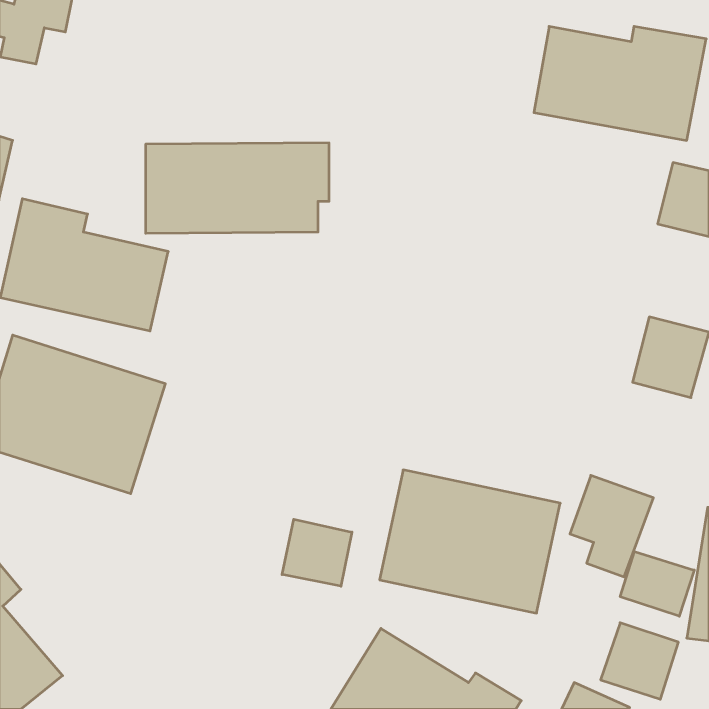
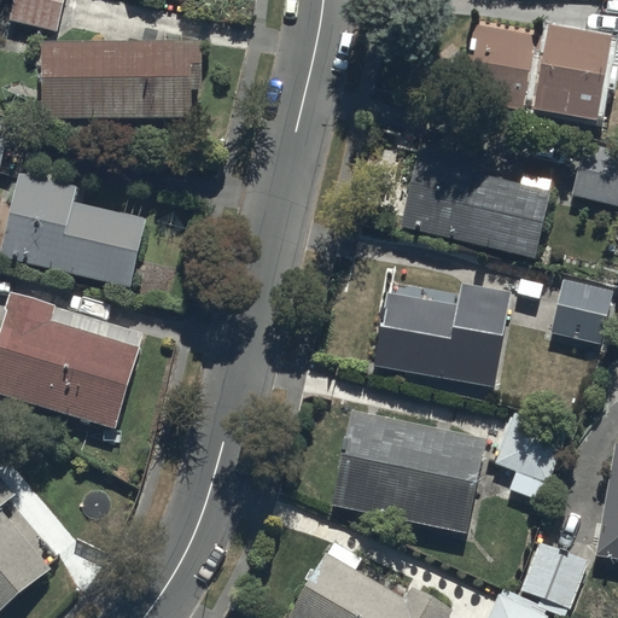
building: [146,143,329,233] -> [43,39,203,117]
building: none -> [401,144,553,260]
building: none -> [374,282,511,387]
building: [282,519,352,586] -> none
building: [620,551,694,616] -> none

